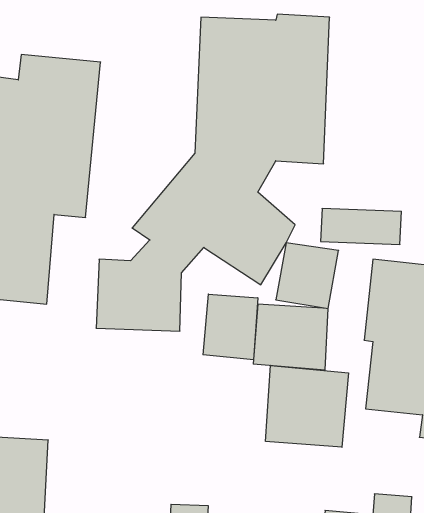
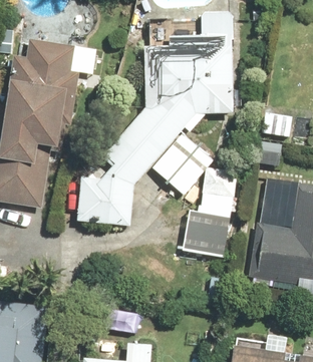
building: [203,294,258,360] -> none
building: [266,365,348,447] -> none

